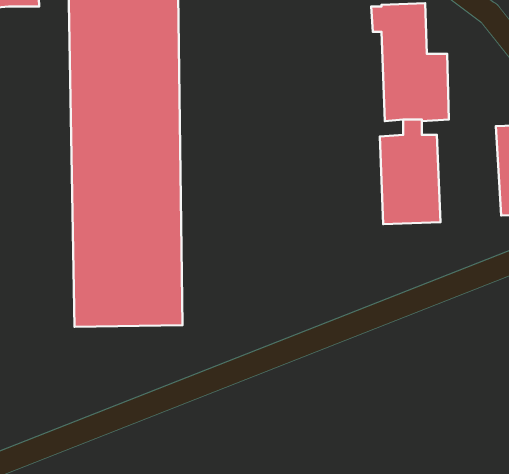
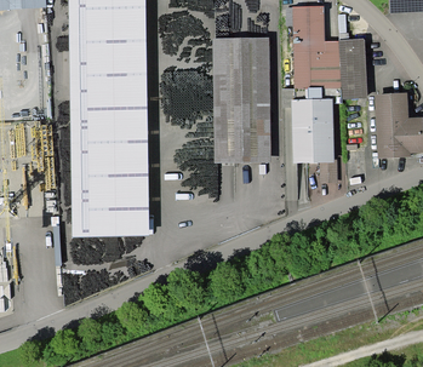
building: none -> [212,38,271,164]
building: none -> [339,40,367,99]

